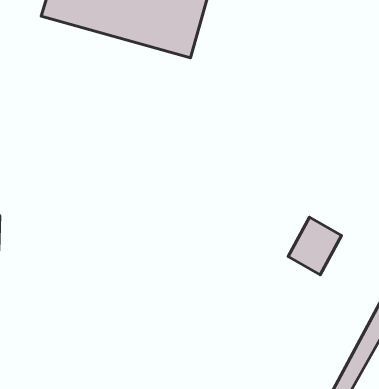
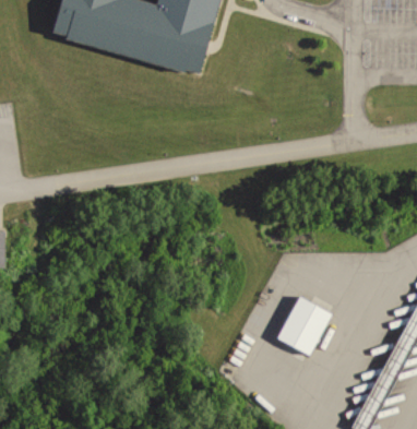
building: [288,217,341,275] -> [271,296,325,355]

